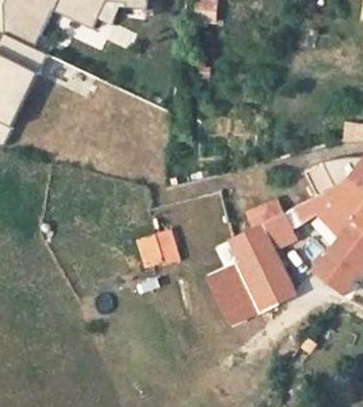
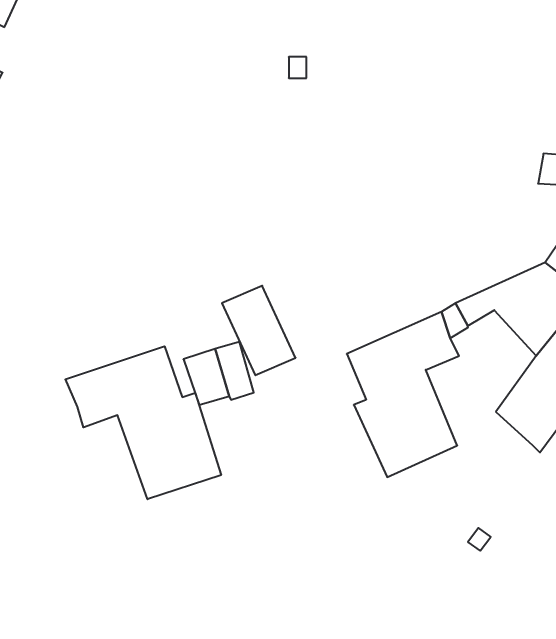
building: none -> [65,346,221,499]
building: [214,267,256,319] -> [222,286,296,375]

